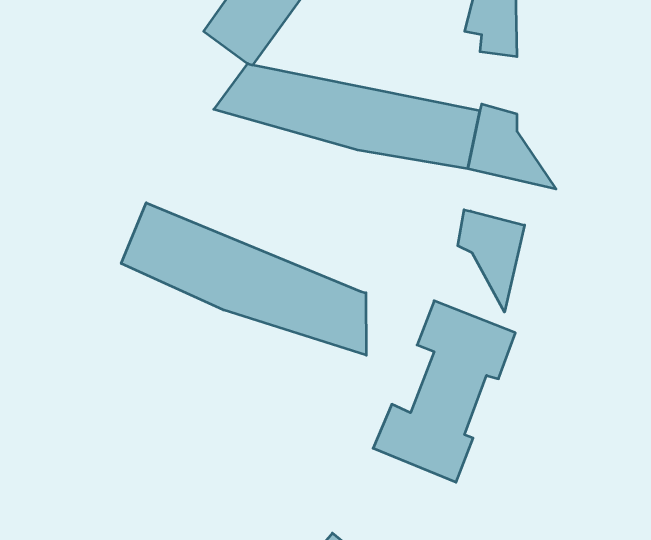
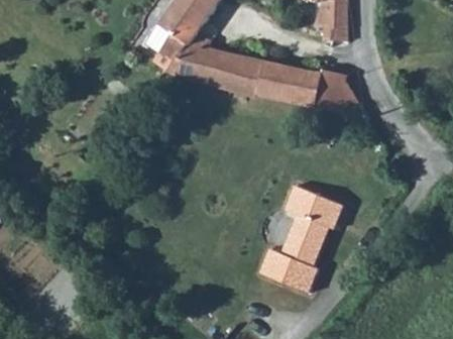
building: [121,203,366,355] -> none
building: [458,210,525,312] -> none

